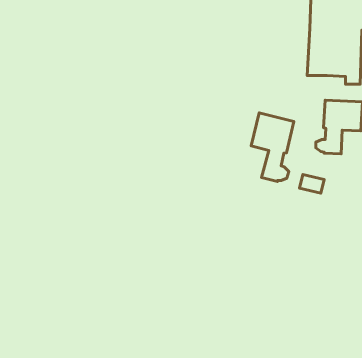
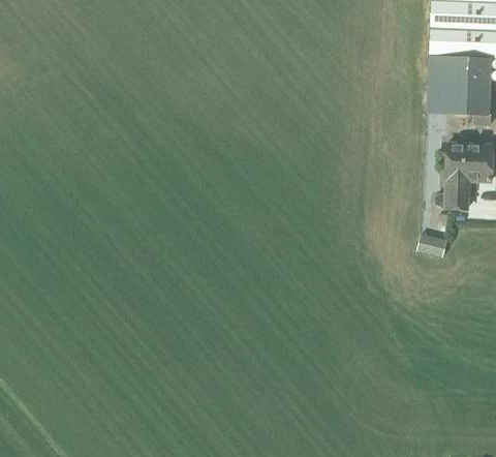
building: [251,113,294,182] -> none

